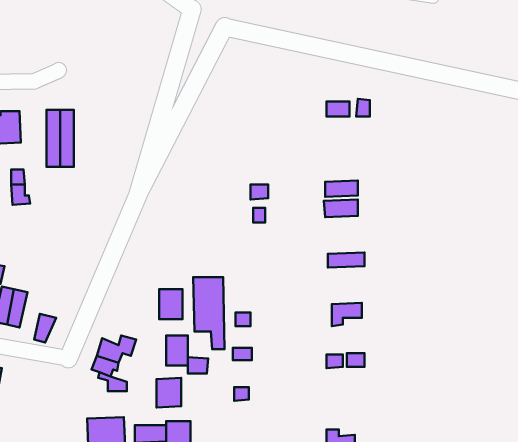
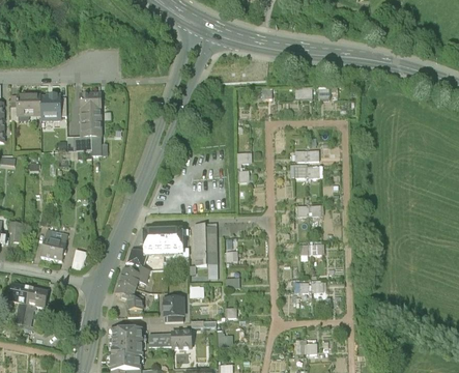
building: none -> [74,138,108,155]
building: [166,336,188,366] -> [150,231,167,254]

